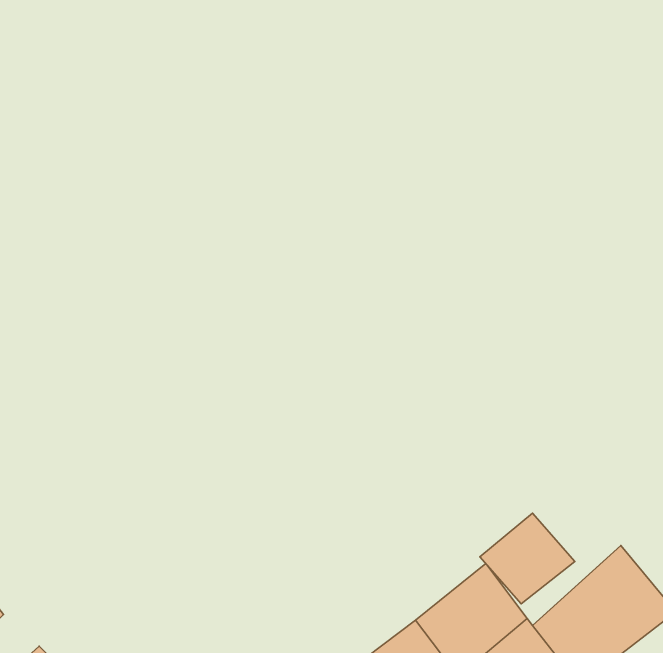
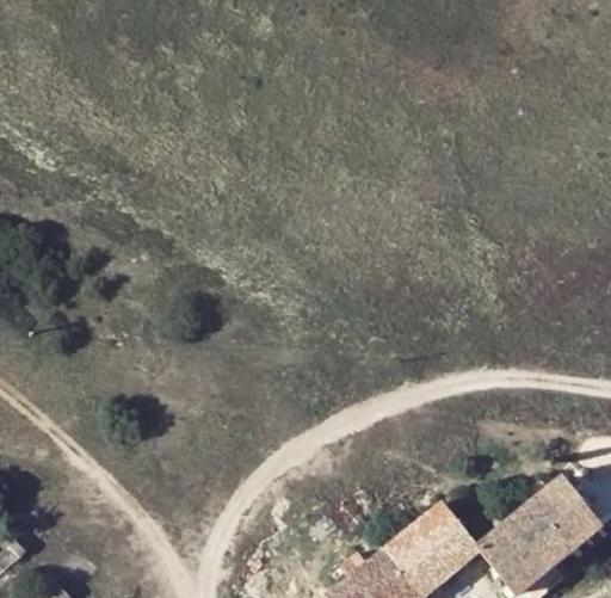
building: [480,513,575,604] -> none

